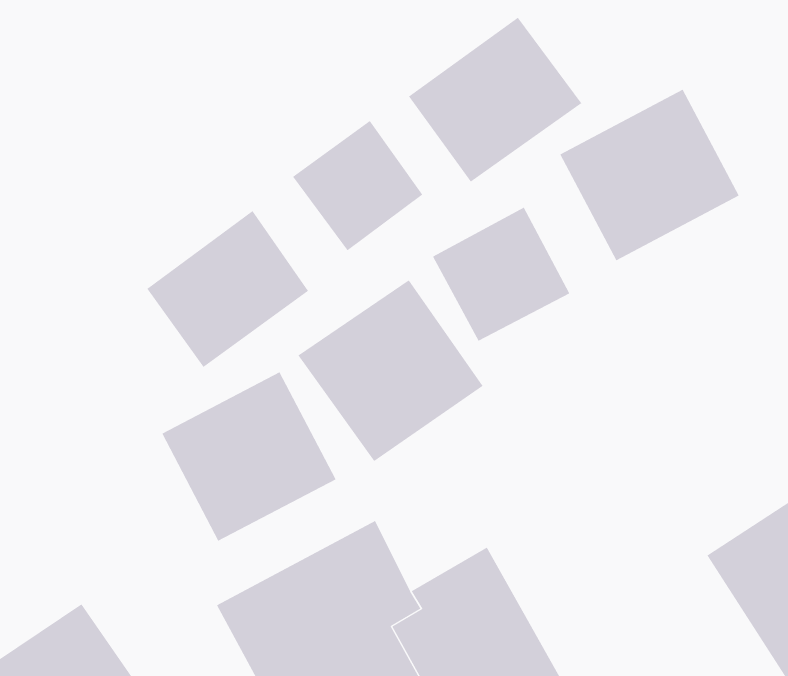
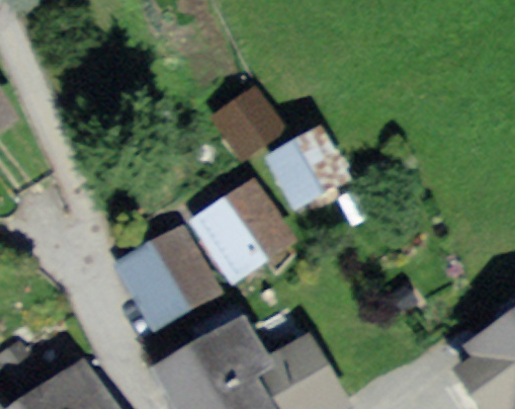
building: [408,17,582,182] -> none
building: [560,89,740,261] -> none
building: [146,210,309,368] -> none

